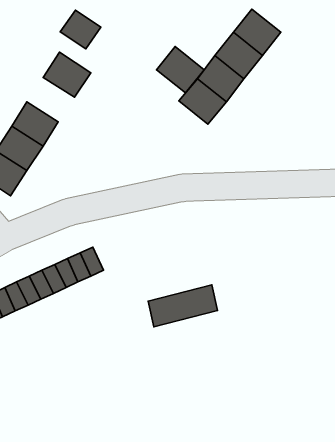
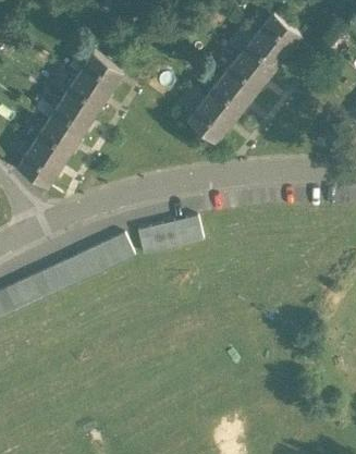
building: [60,10,101,49] -> none
building: [157,46,204,93] -> [187,97,232,140]
building: none -> [62,75,107,116]
building: [148,285,218,327] -> [137,216,202,255]

